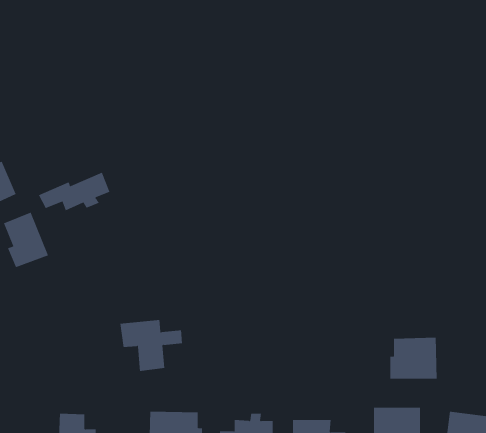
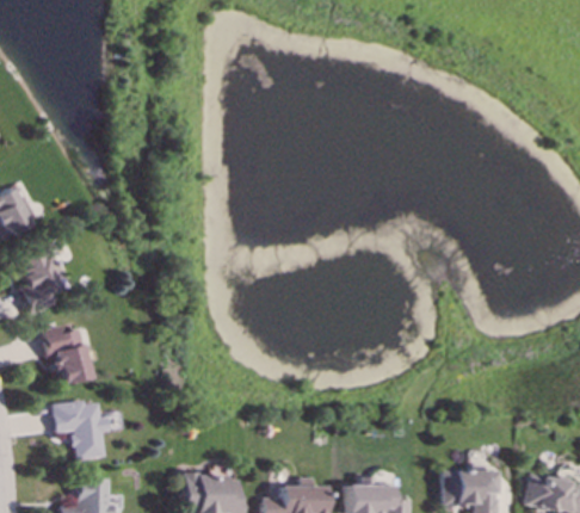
building: [38,172,110,211] -> none
building: none -> [41,325,91,384]
building: [120,319,183,371] -> [53,400,125,459]
building: [390,337,437,380] -> none

